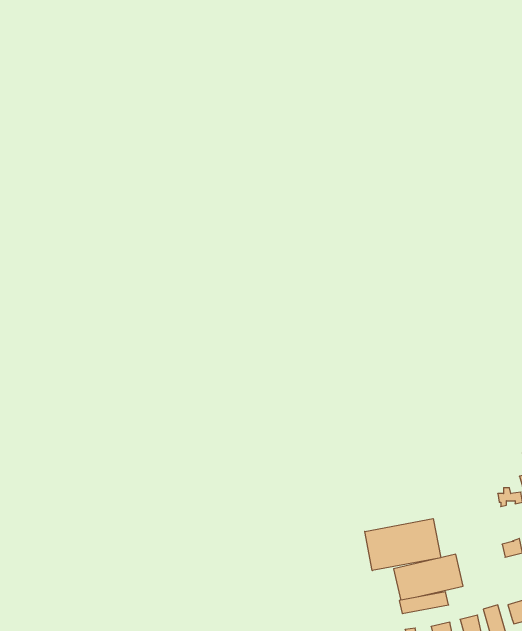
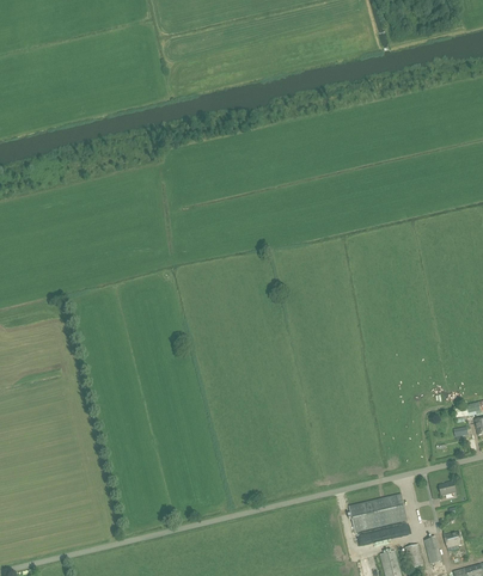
building: [365,519,441,571] -> none

